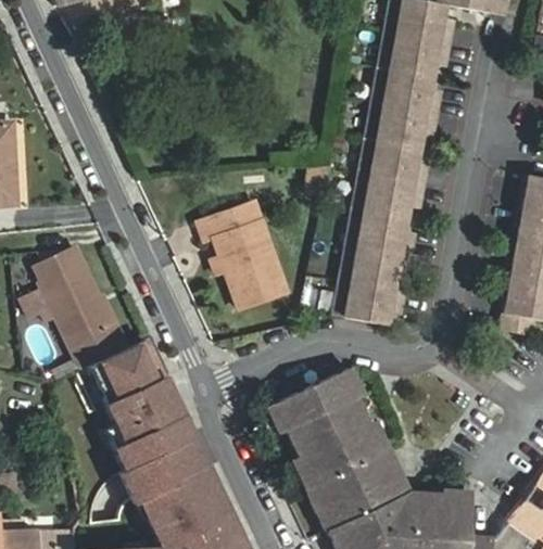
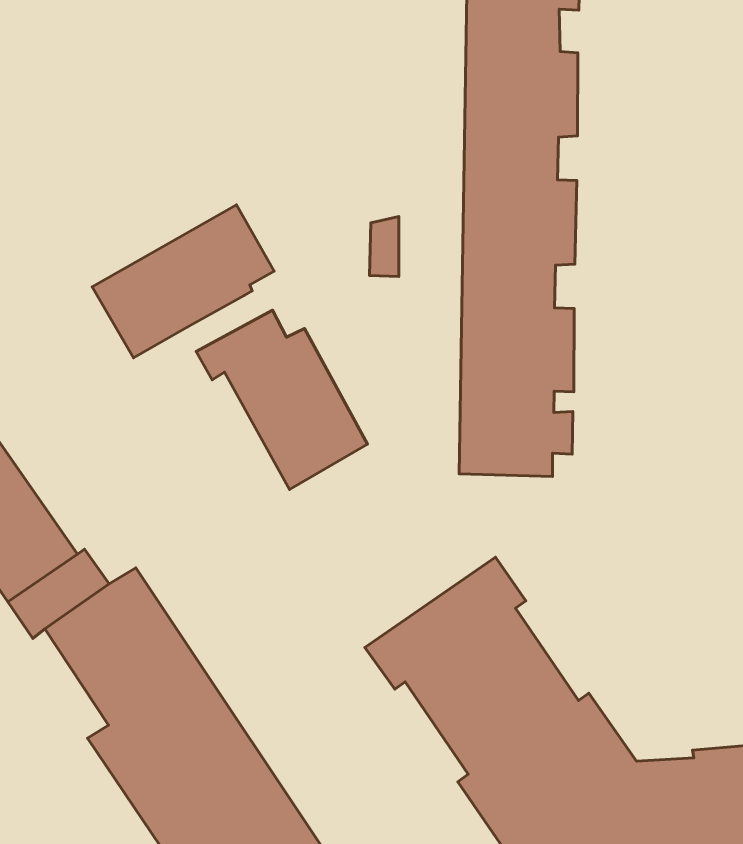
building: none -> [92,205,274,358]

